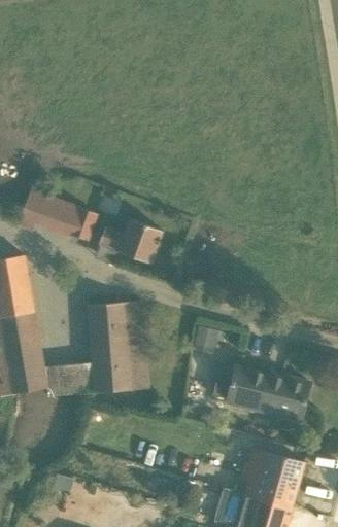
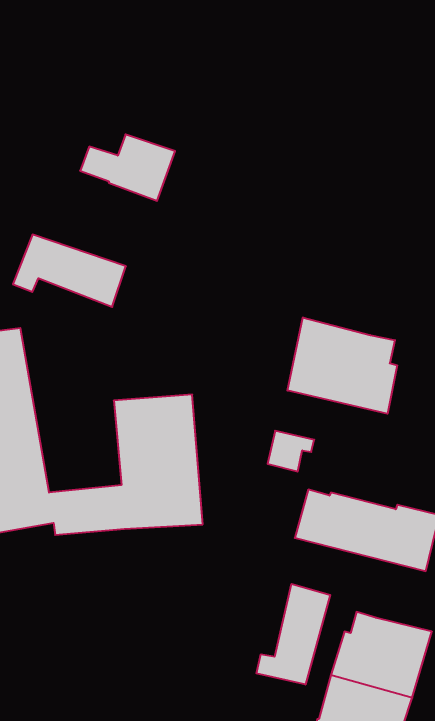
building: [99,219,164,265] -> [80,134,175,201]
building: none -> [287,317,397,414]
building: none -> [256,584,330,685]

